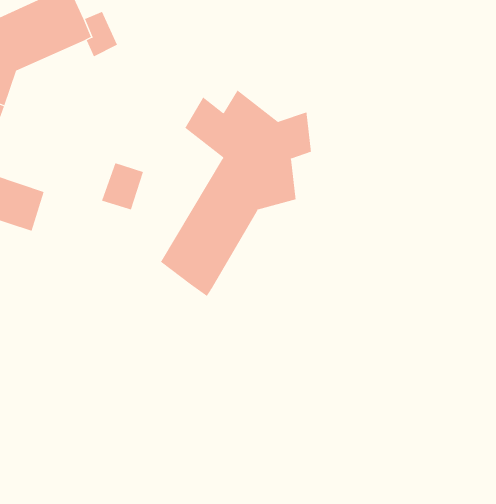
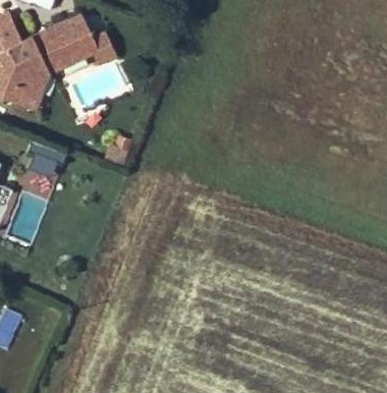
building: [160,89,312,297] -> none

